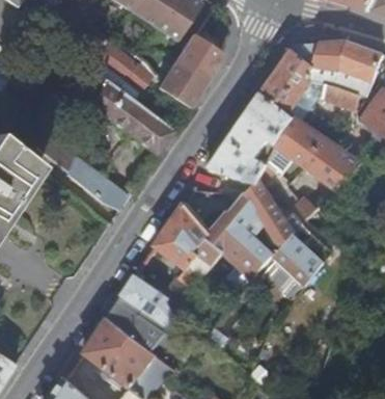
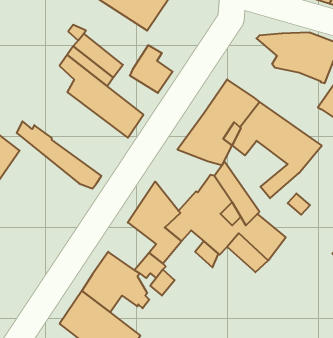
building: [177,33,219,83] -> none
building: [262,48,361,111] -> none

